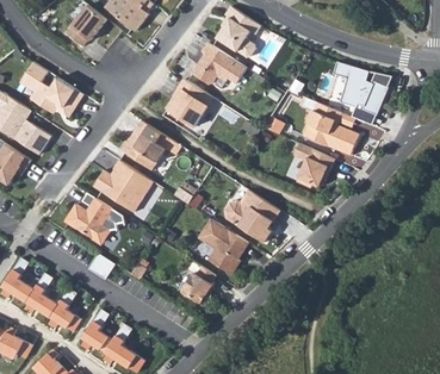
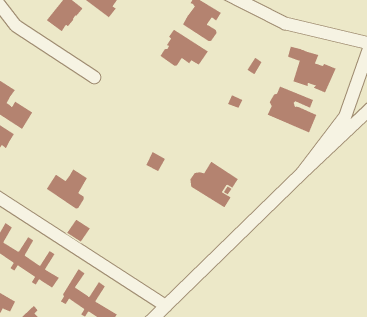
building: [19,62,83,117] -> none
building: [165,79,212,126] -> none
building: [118,120,171,170] -> none
building: [292,143,334,188] -> none
building: [92,160,153,212] -> none
building: [198,218,247,274] -> none
building: [181,266,215,304] -> none

